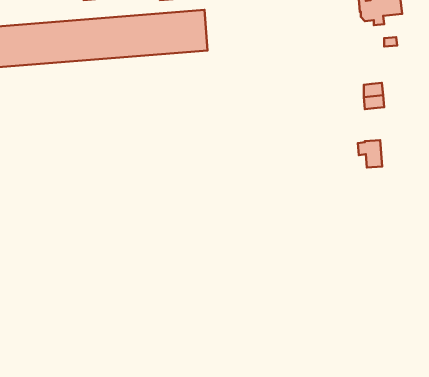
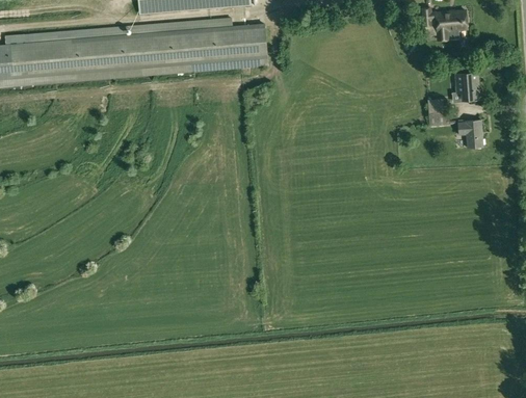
building: none -> [453,69,478,97]
building: [358,140,382,167] -> [456,116,481,144]

